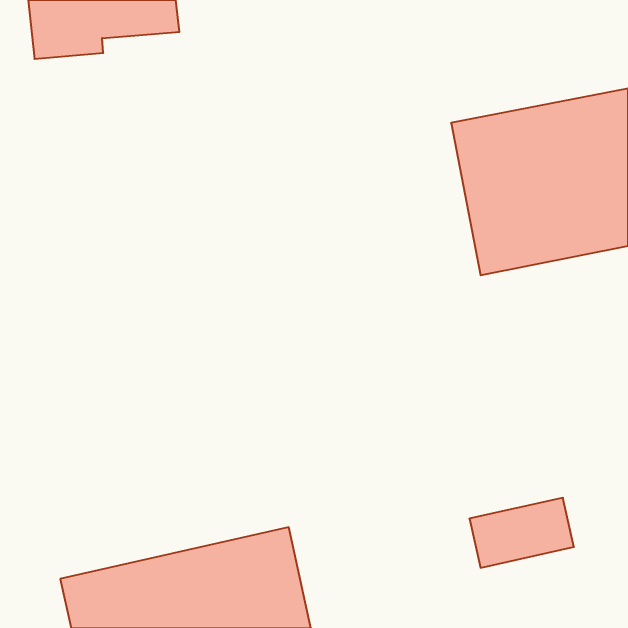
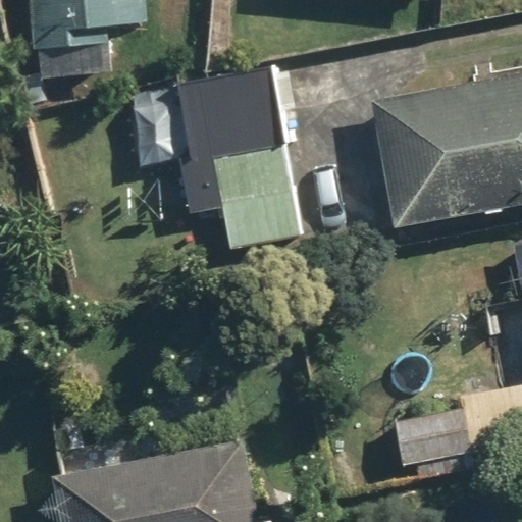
building: none -> [175,65,297,246]

